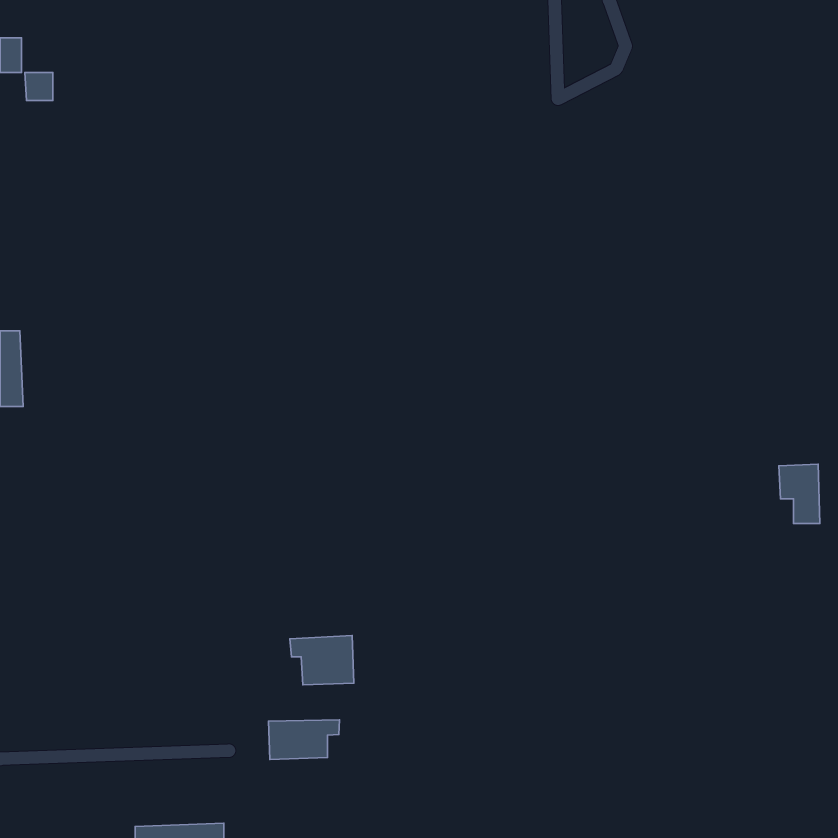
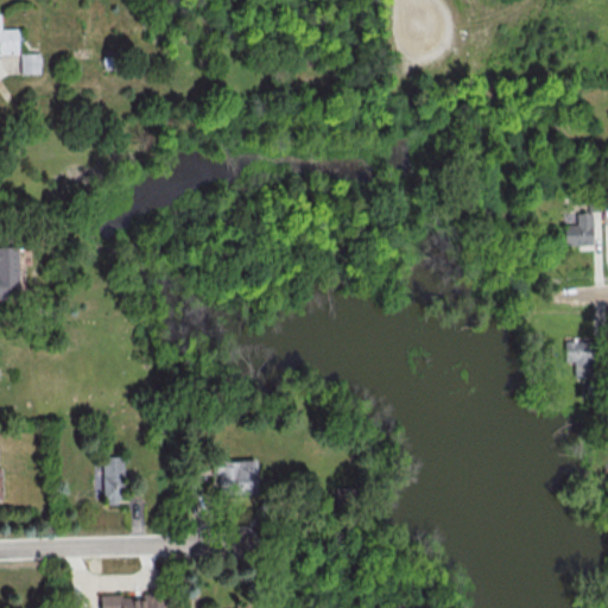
building: none -> [563,214,593,247]
building: none -> [103,457,124,506]
building: [269,720,339,760] -> none

